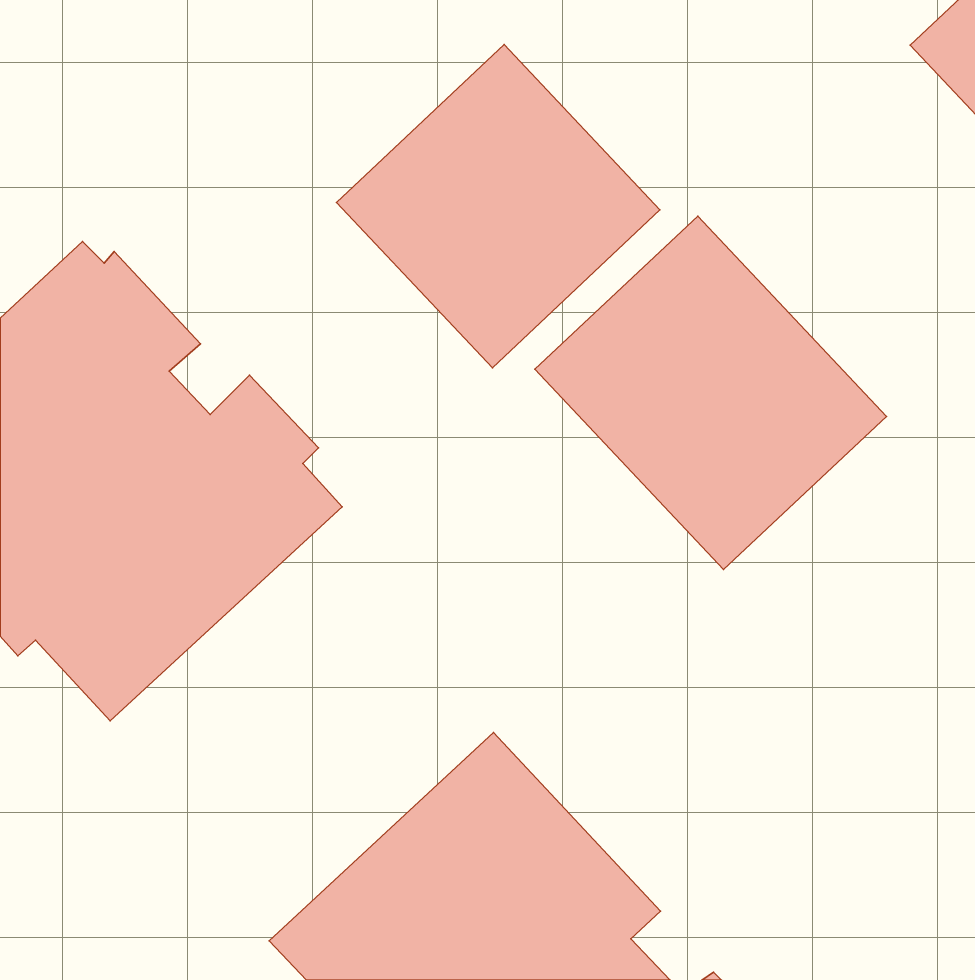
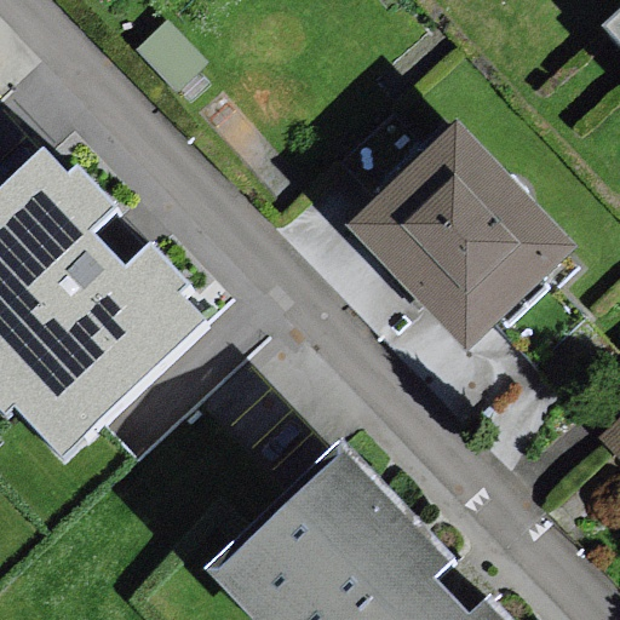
building: [337,45,660,368] -> none

